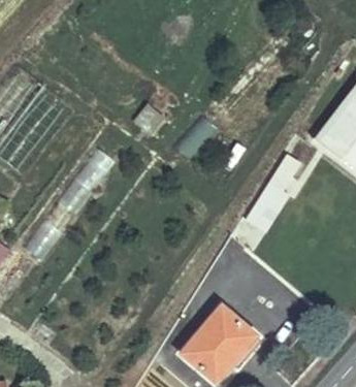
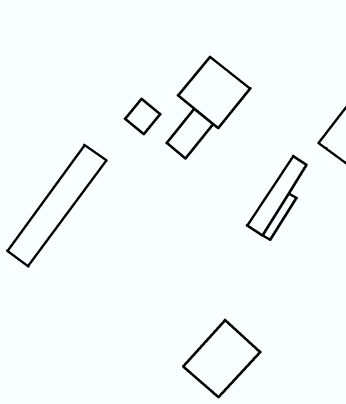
building: none -> [178,57,250,128]

